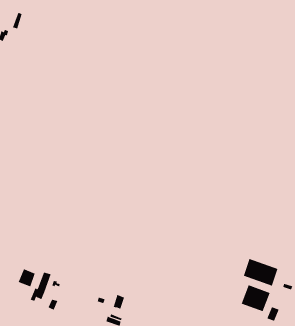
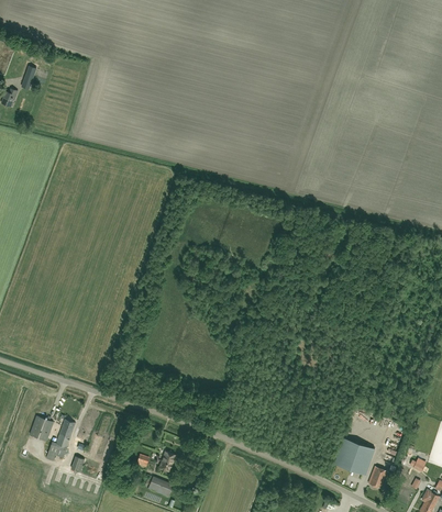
building: [243,258,278,287] -> none

